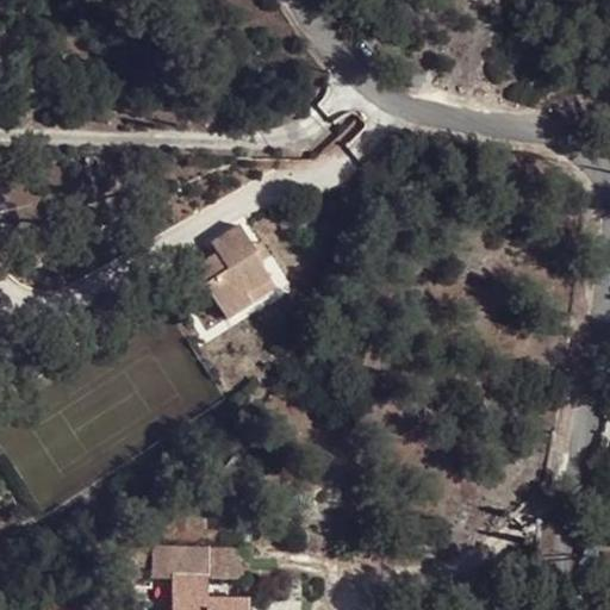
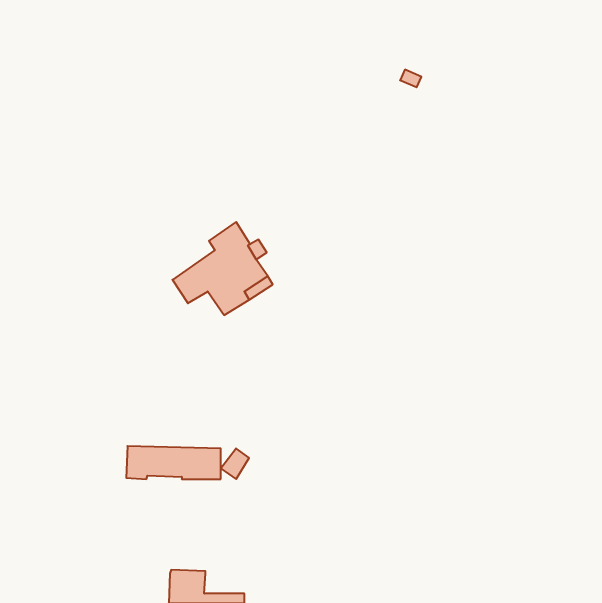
building: [152,546,248,579] -> [126,446,221,479]

